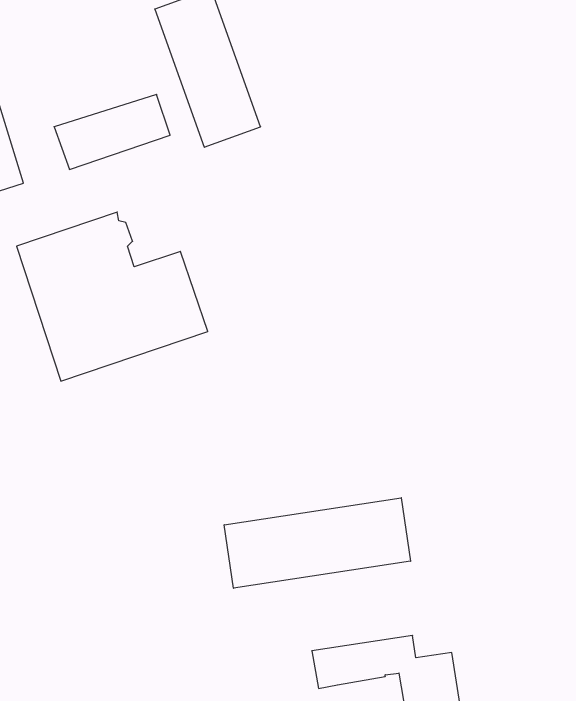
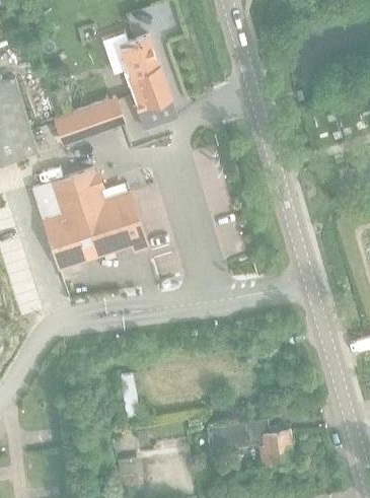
building: [224,498,411,588] -> none

